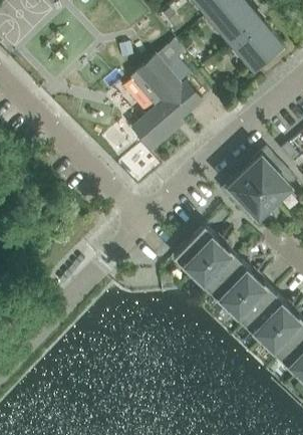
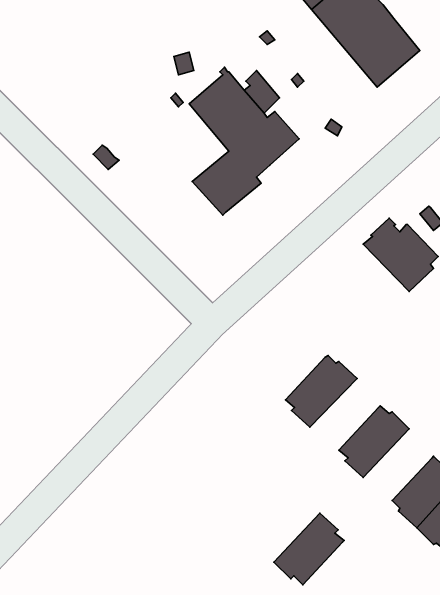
building: [225,172,273,221] -> none
building: [172,226,220,274] -> none
building: [208,260,254,307] -> none
building: [243,293,289,341] -> [274,513,344,585]

